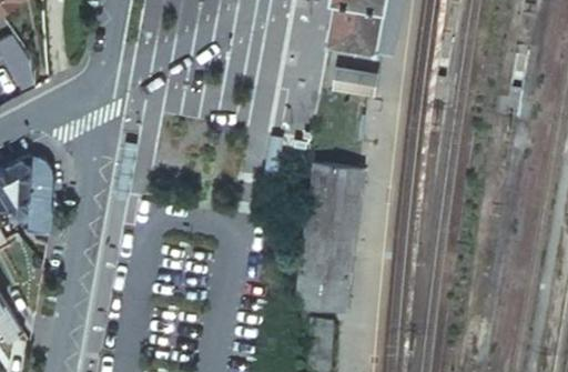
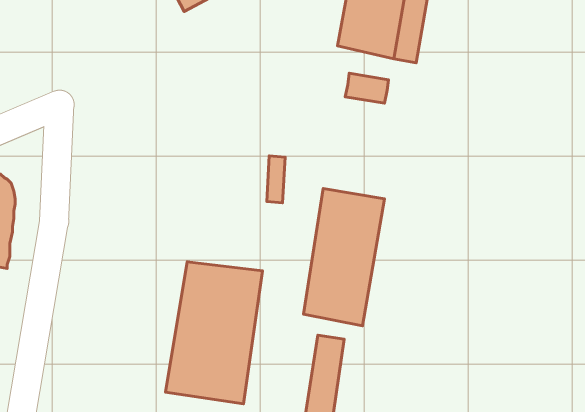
building: none -> [166,262,263,404]

